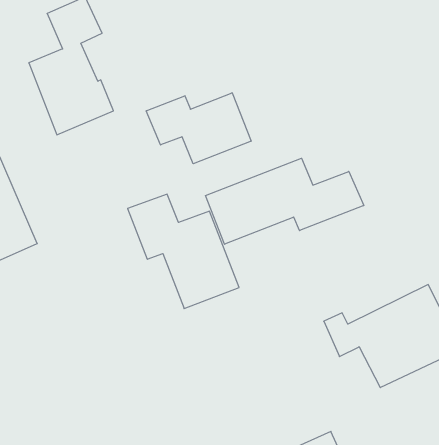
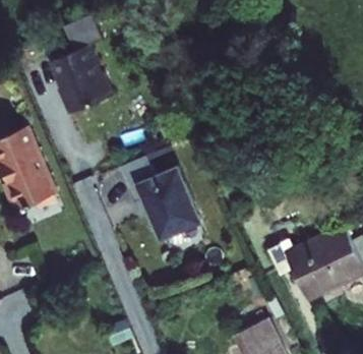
building: [146,93,251,164] -> none
building: [205,158,364,244] -> none

